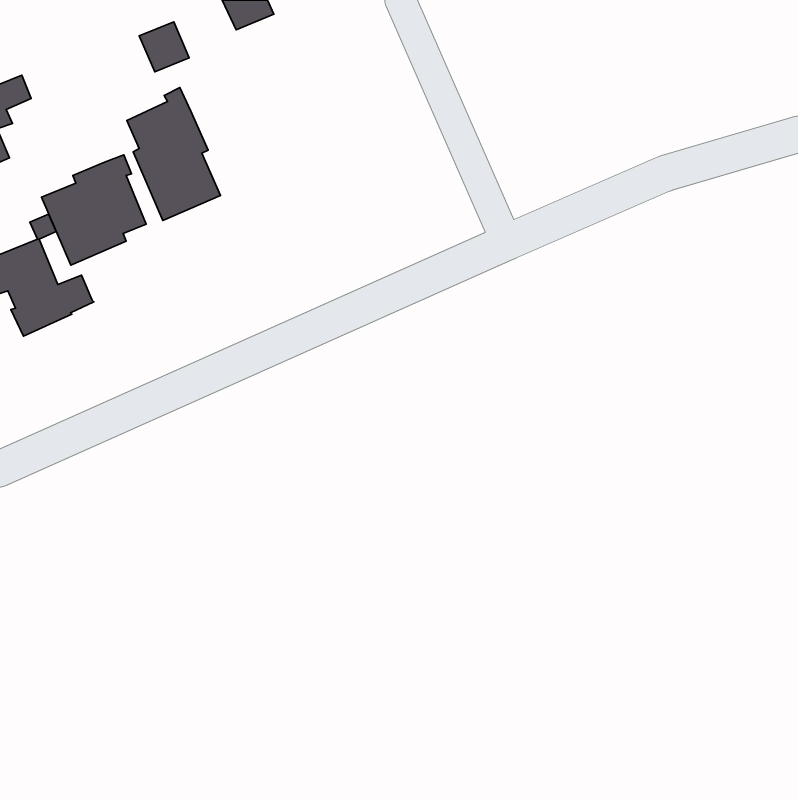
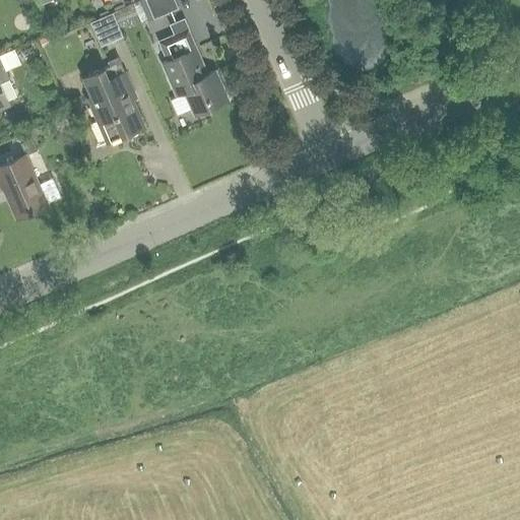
building: none -> [158,20,226,115]
building: [42,155,146,265] -> none

